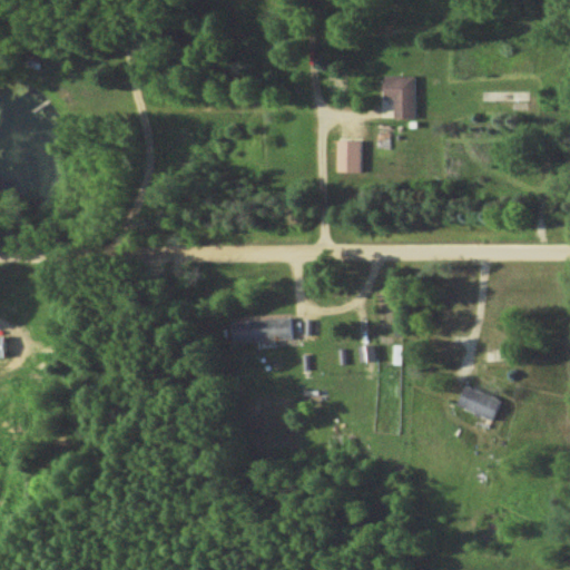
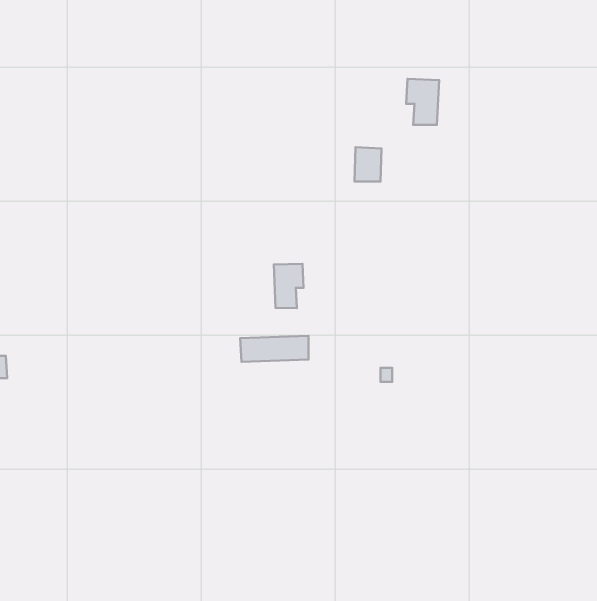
building: none -> [274,264,303,308]
building: [459,386,503,421] -> none

